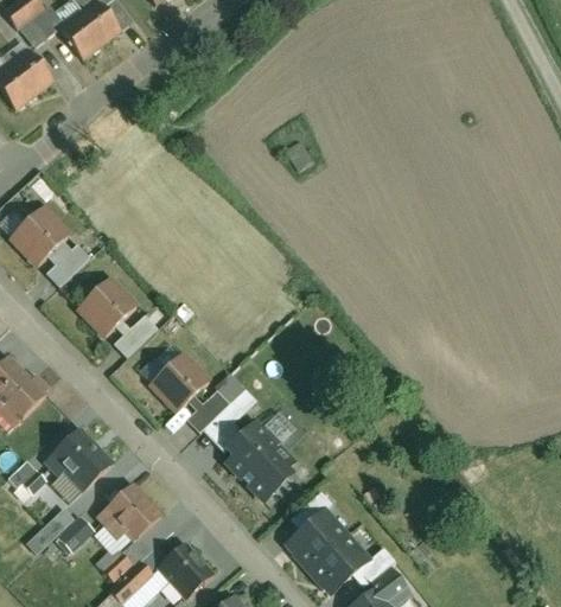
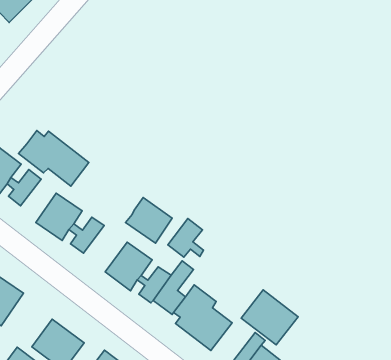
building: none -> [19,131,89,186]
building: none -> [125,198,172,243]
building: none -> [168,218,204,257]
building: none -> [241,290,298,345]

